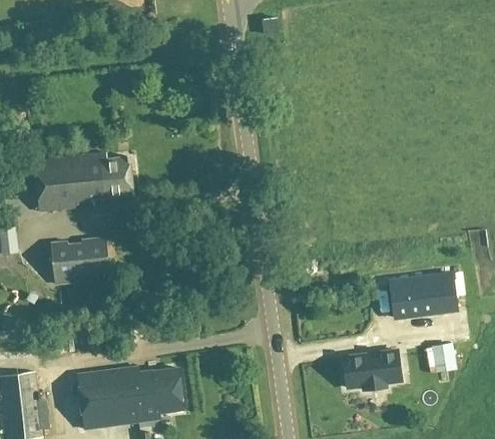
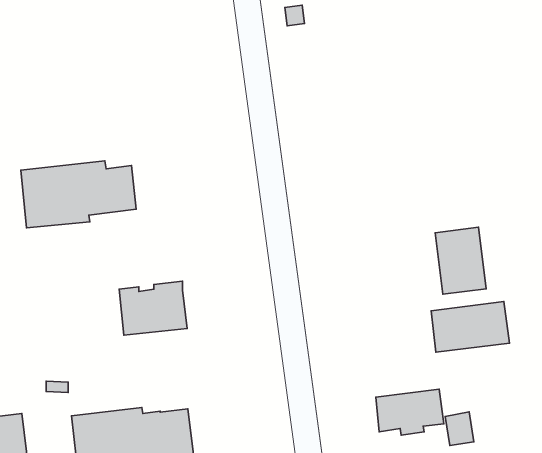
building: none -> [435,227,486,294]
building: [50,236,109,283] -> [119,281,187,335]
building: [432,341,457,370] -> [445,412,474,445]

